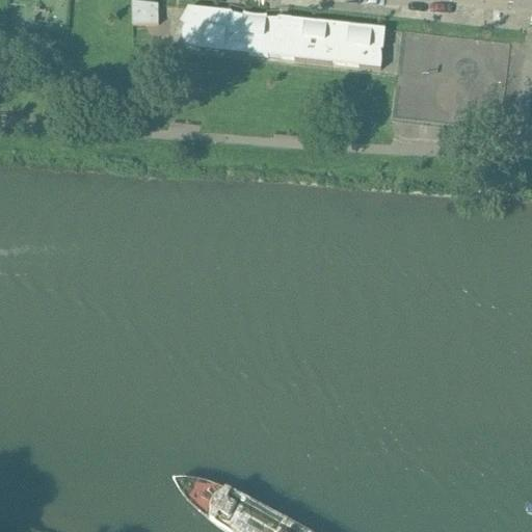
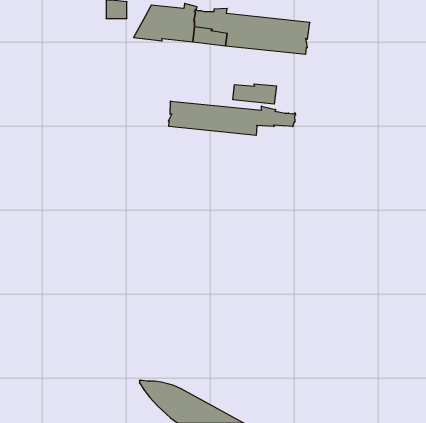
building: none -> [233,84,276,104]
building: none -> [168,101,296,135]

